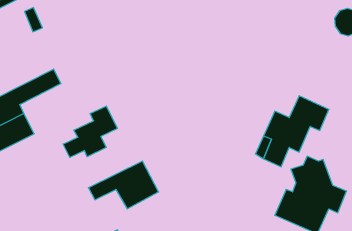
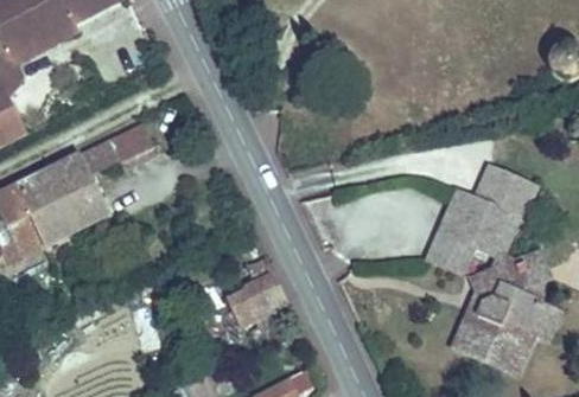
building: [63,106,117,157] -> none

